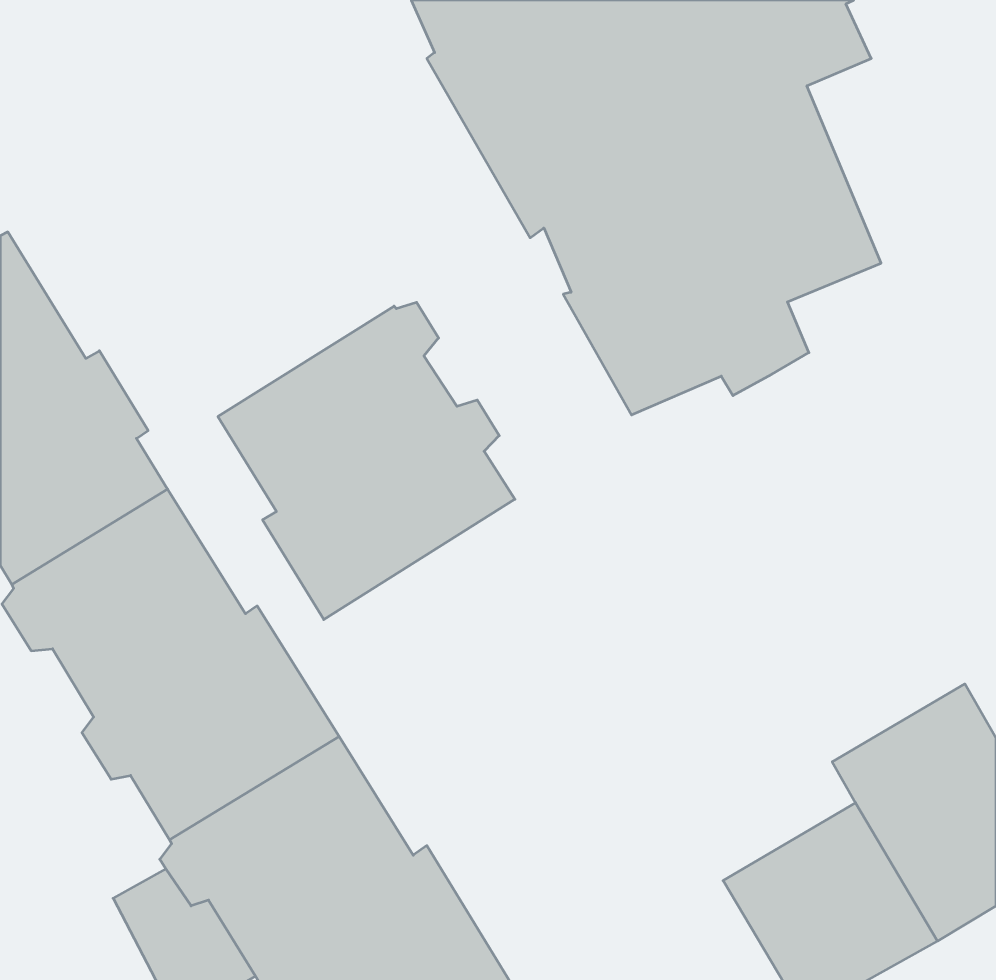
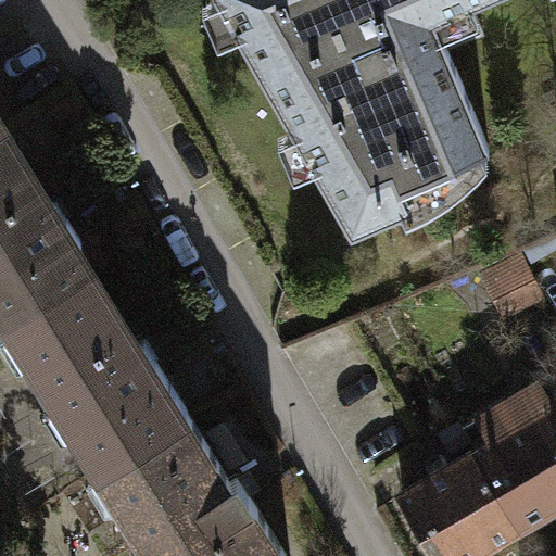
building: [218,302,515,620] -> none

